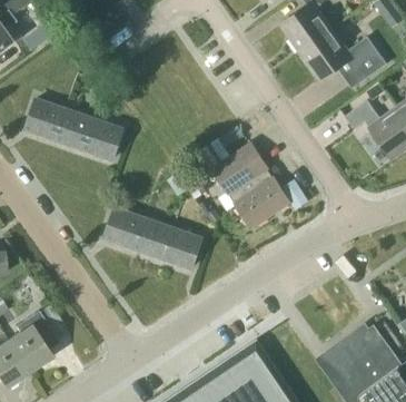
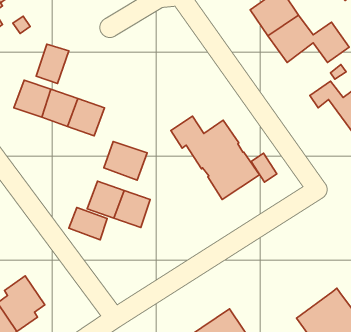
building: none -> [36,44,69,83]
building: none -> [104,141,147,180]
building: [162,229,201,269] -> none
building: none -> [69,207,107,240]

